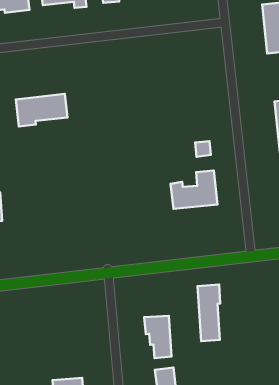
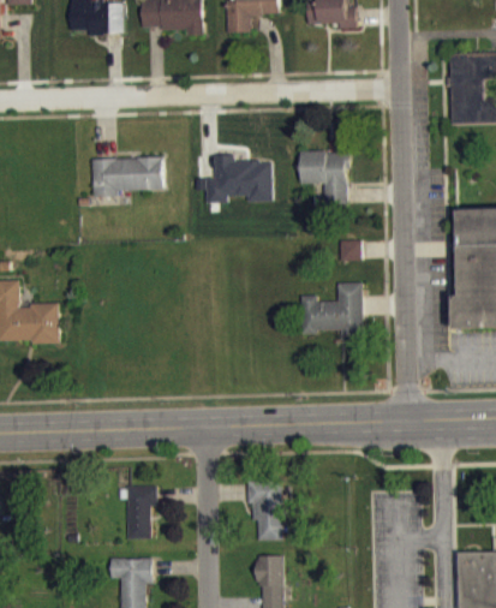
building: none -> [300,153,348,204]
building: none -> [205,156,273,204]
building: [198,285,220,341] -> none
building: none -> [126,487,157,540]

